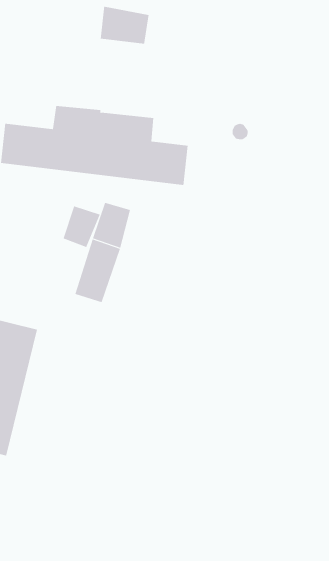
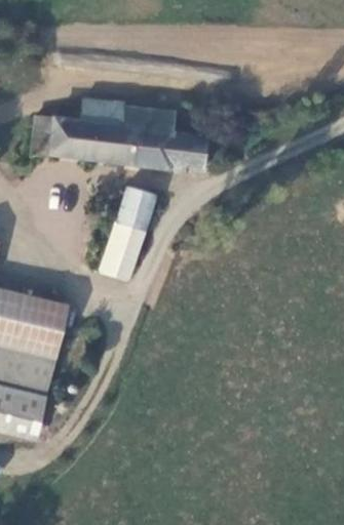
building: [100,6,149,45] -> none
building: [63,206,100,248] -> none

